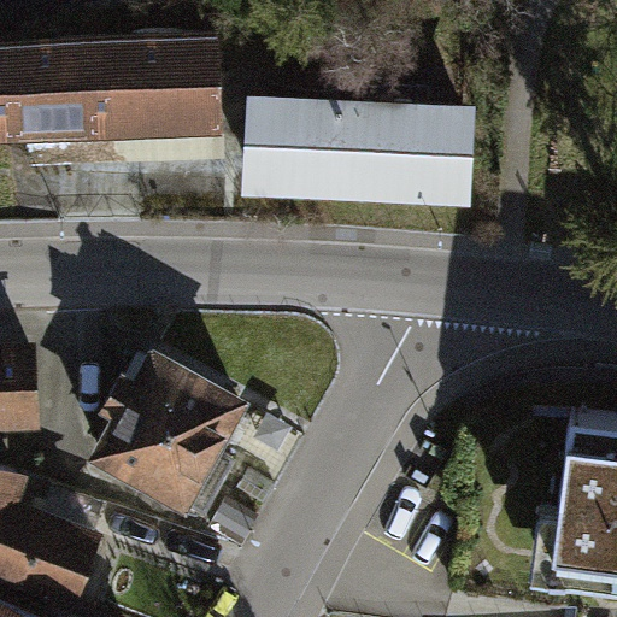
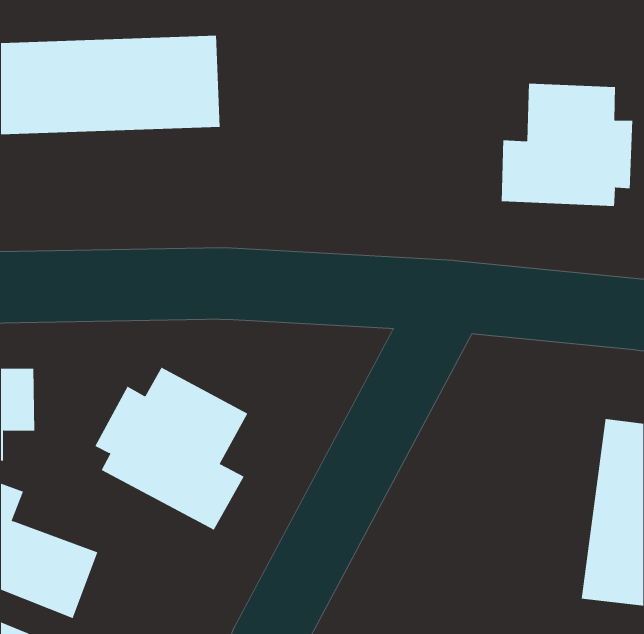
building: none -> [501,83,633,207]
building: [254,106,463,200] -> none

